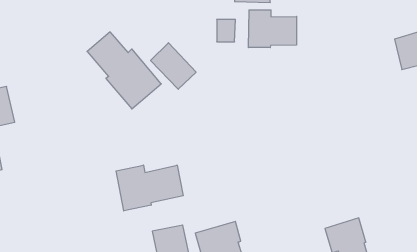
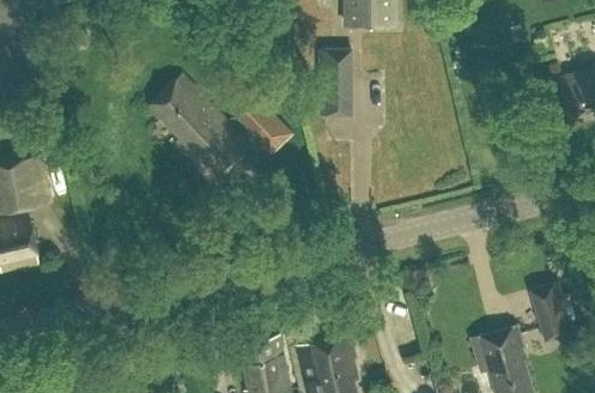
building: [248,10,297,48] -> none
building: [116,165,183,211] -> none
building: none -> [528,280,571,340]

